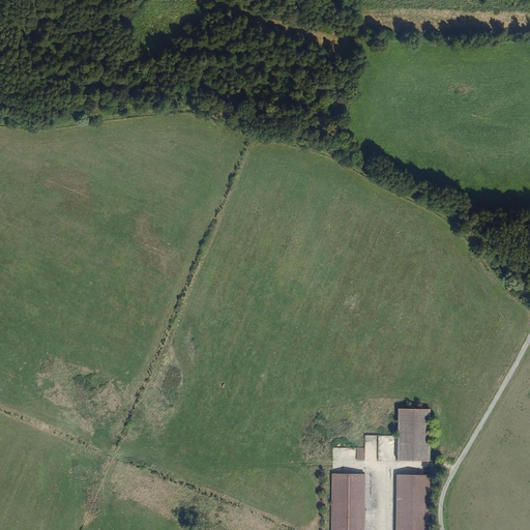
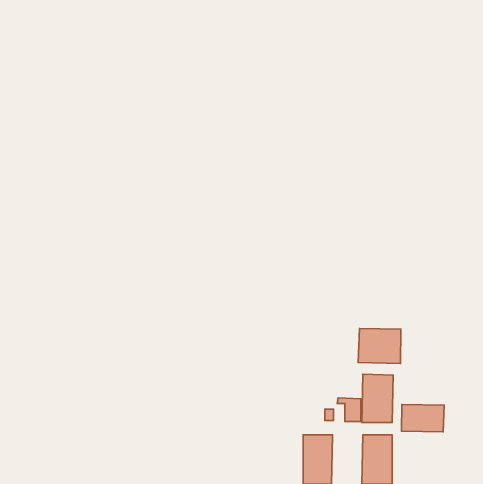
building: none -> [358,329,401,363]
building: none -> [402,404,444,432]

